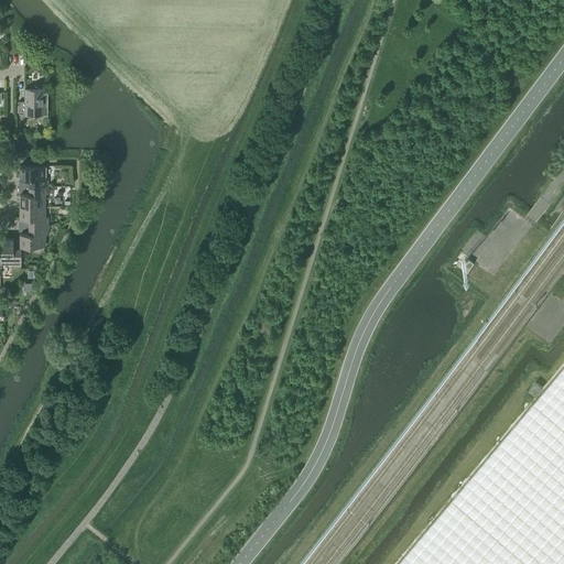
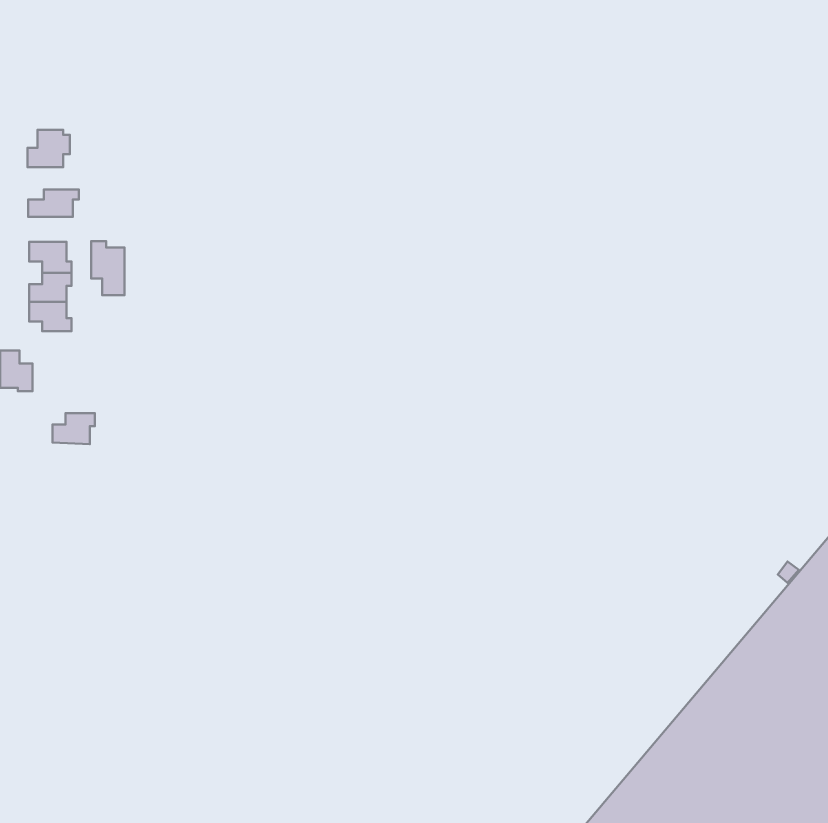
building: none -> [28,190,79,217]
building: none -> [91,241,125,295]
building: [21,229,50,250] -> [53,413,95,444]

